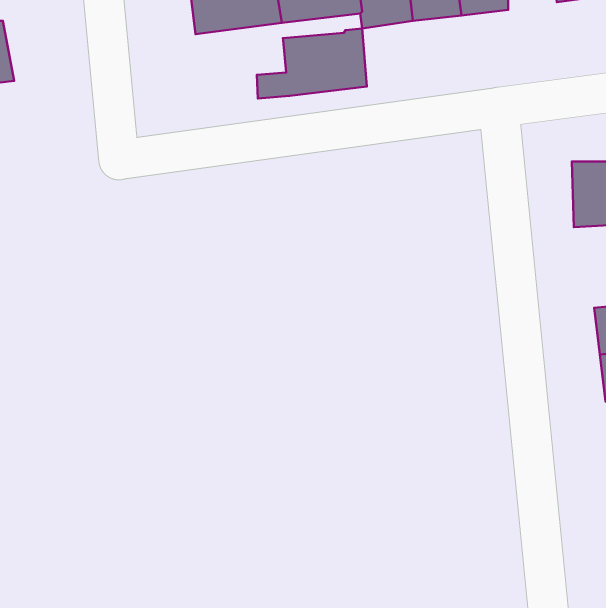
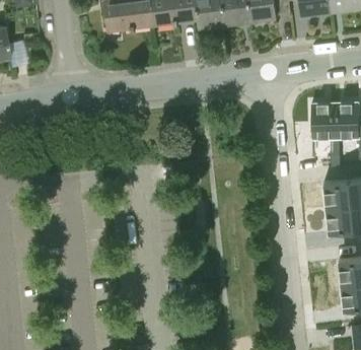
building: [257,28,367,99] -> none

